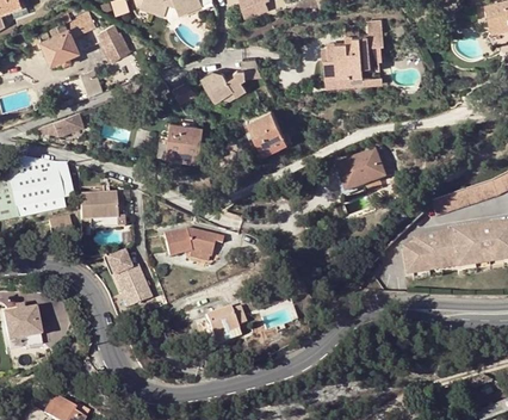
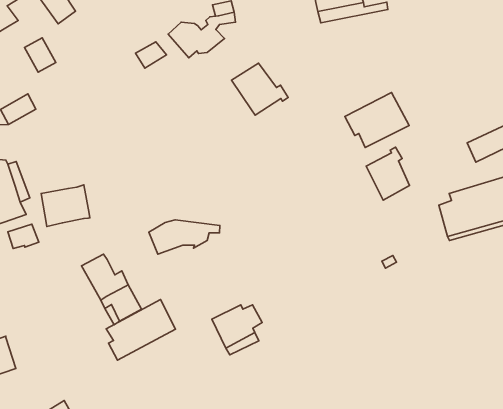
building: [165,123,202,161] -> none
building: none -> [366,147,410,200]
building: none -> [106,300,175,360]

